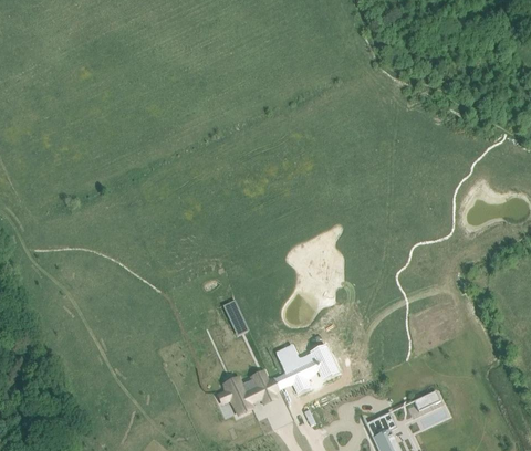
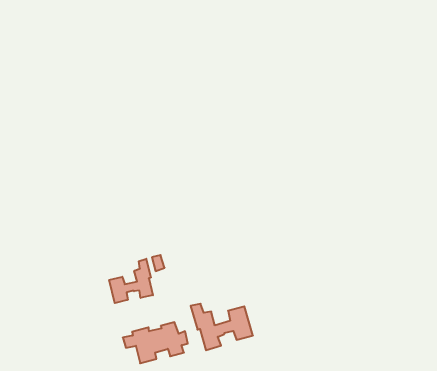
building: none -> [109,259,153,303]

